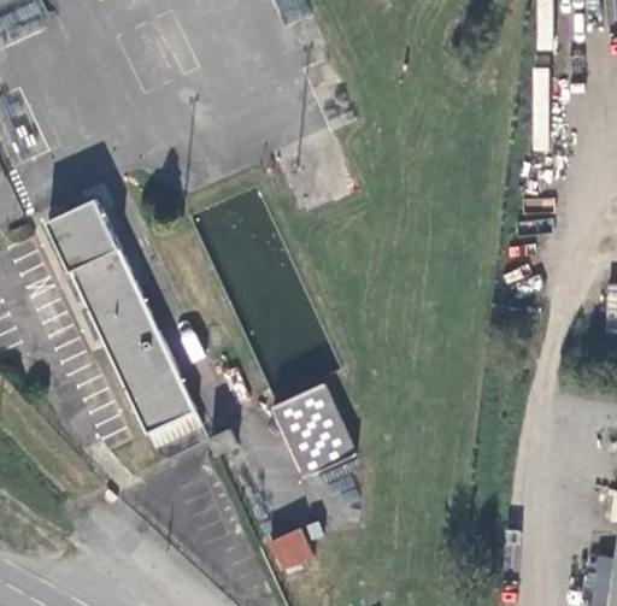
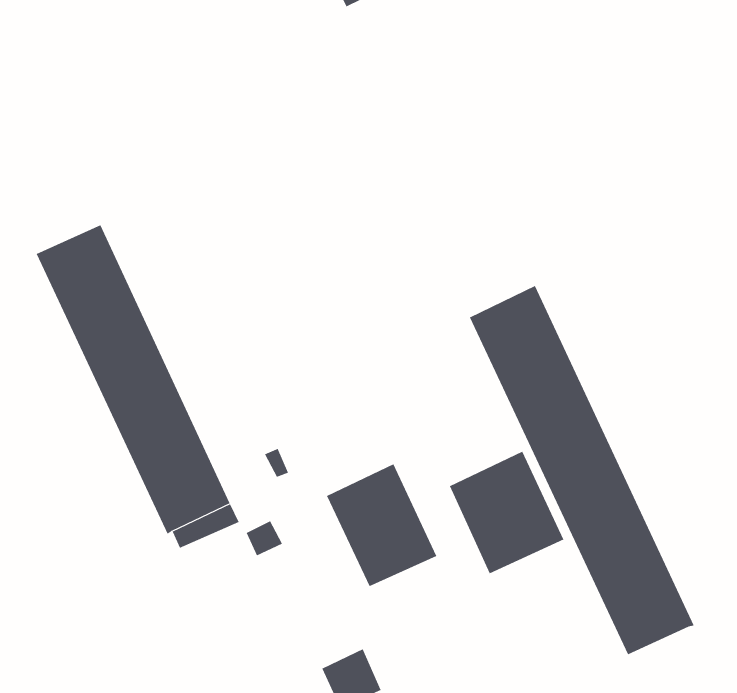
building: none -> [469,285,694,655]
building: none -> [449,451,564,574]

